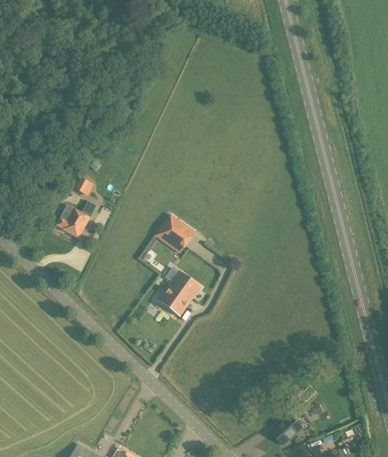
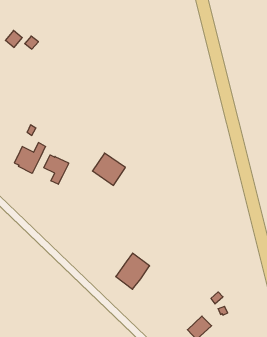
building: none -> [44,155,68,184]
building: [158,271,200,316] -> [116,253,150,289]

